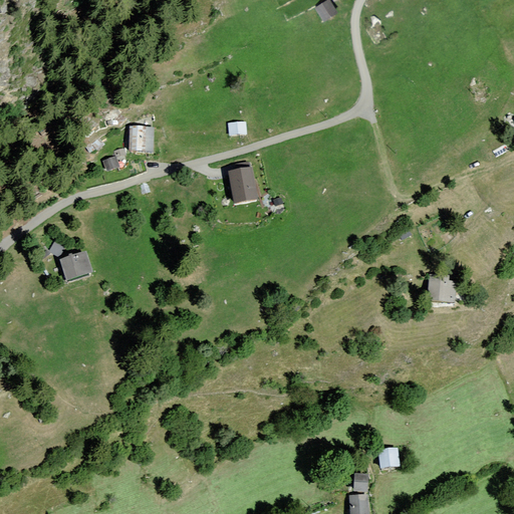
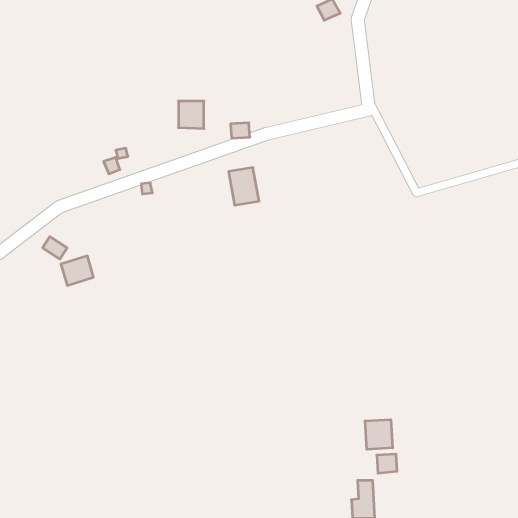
building: [128,126,154,154] -> [178,101,204,129]
building: [429,276,457,305] -> none
building: none -> [365,420,393,449]

